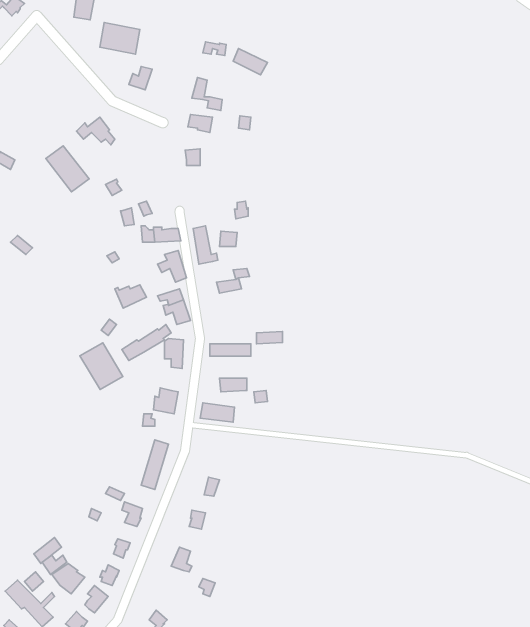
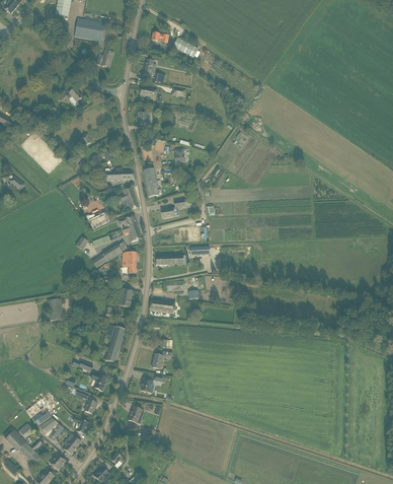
building: [46,146,89,192] -> none
building: [80,343,123,389] -> none

